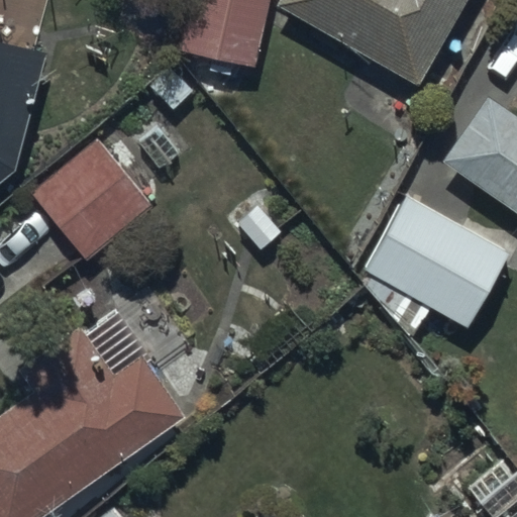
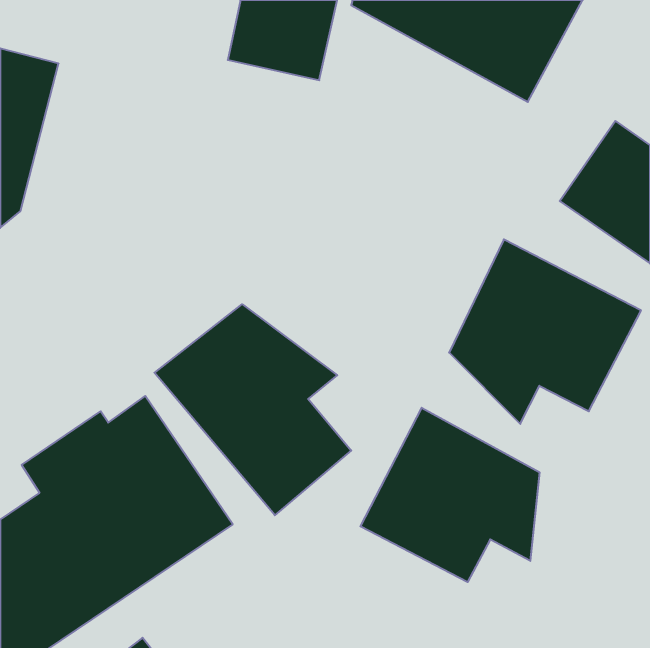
building: [29,137,149,257] -> none
building: none -> [154,304,351,515]
building: none -> [360,408,540,582]

